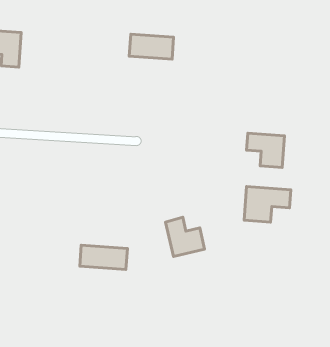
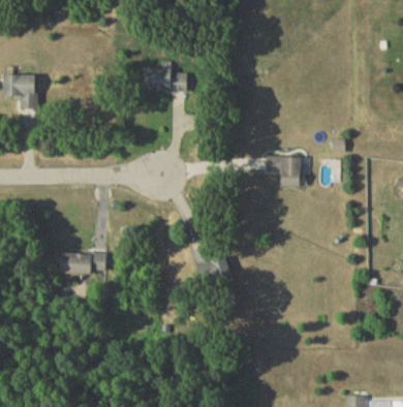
building: [244,187,291,222] -> none
building: [80,245,127,269] -> [59,252,104,273]

